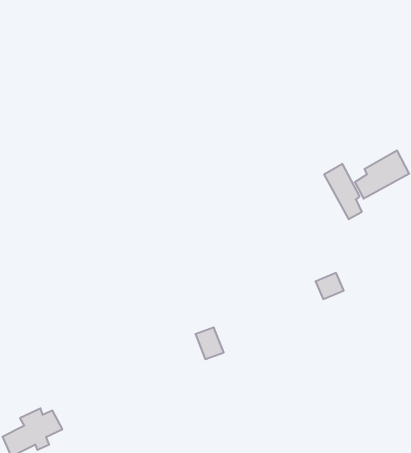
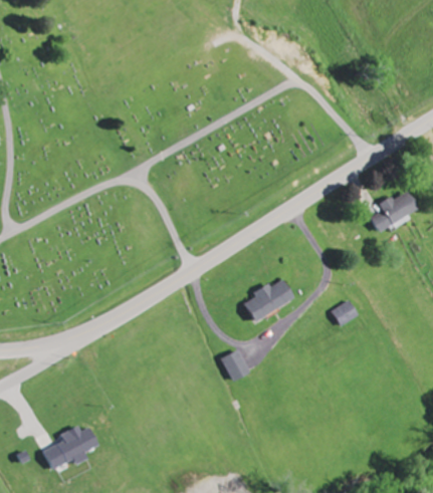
building: [324,164,362,219] -> none
building: none -> [244,277,294,320]

